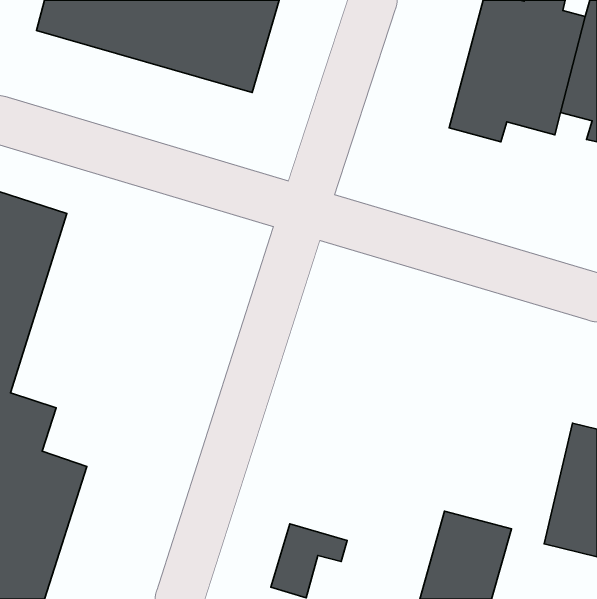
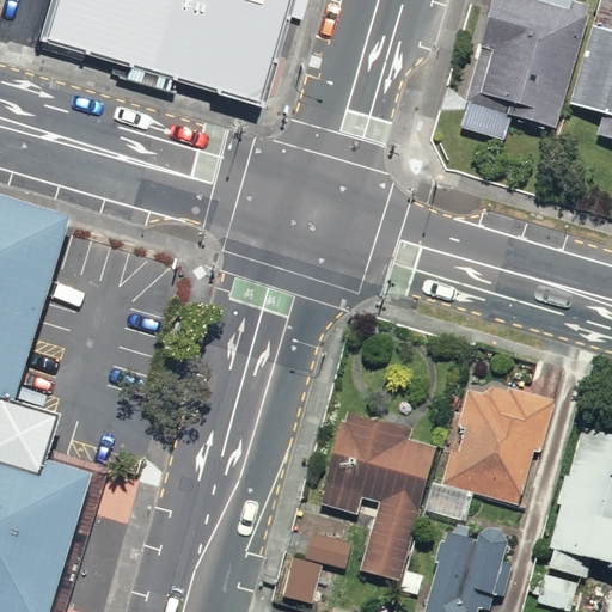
building: none -> [442,373,555,512]
building: none -> [329,408,443,582]

